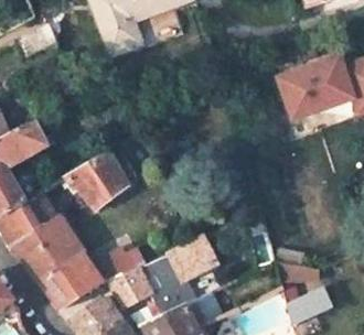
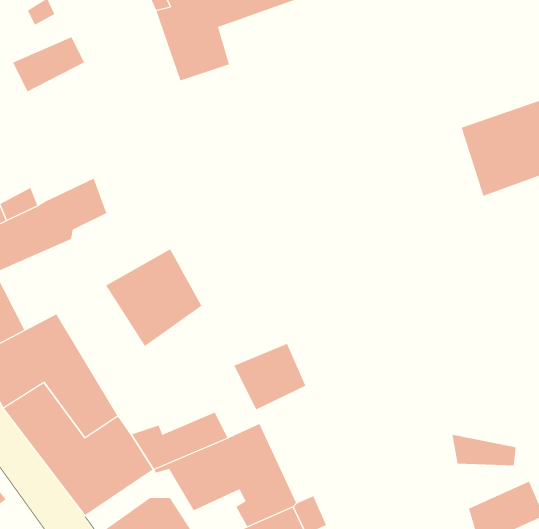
building: [171,238,214,278] -> [234,343,306,410]

